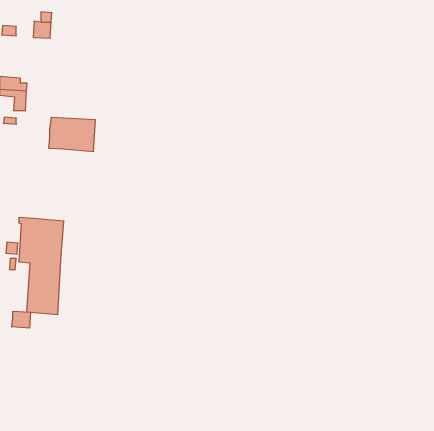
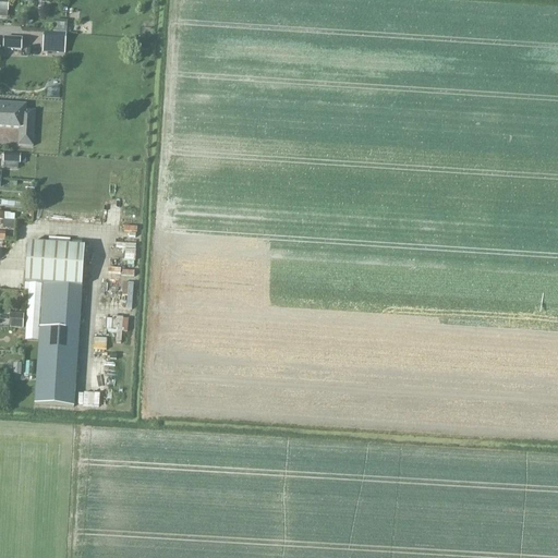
building: [49,117,95,151] -> [24,240,84,283]
building: [12,311,30,328] -> none

